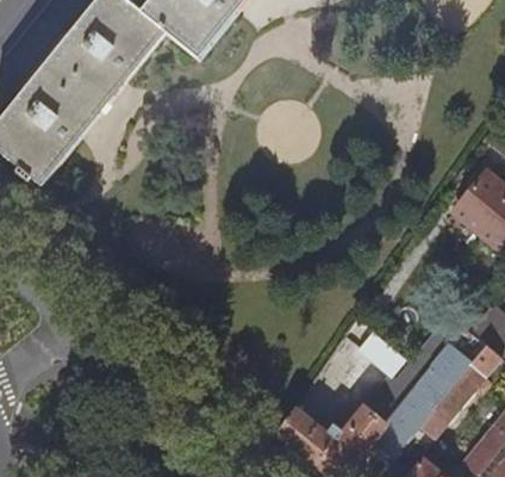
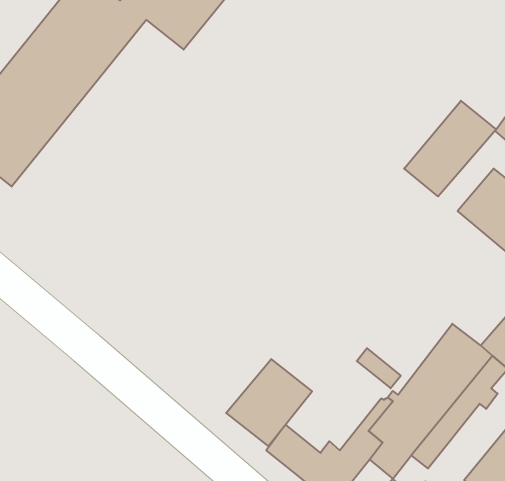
building: none -> [404,101,496,196]
building: none -> [226,359,312,446]

